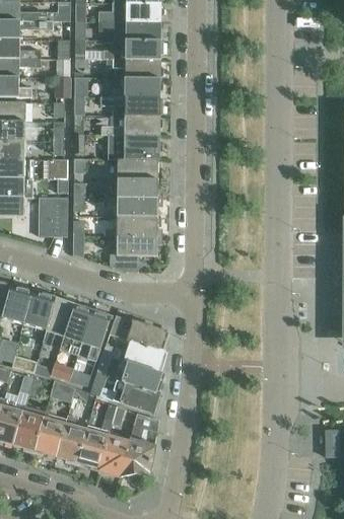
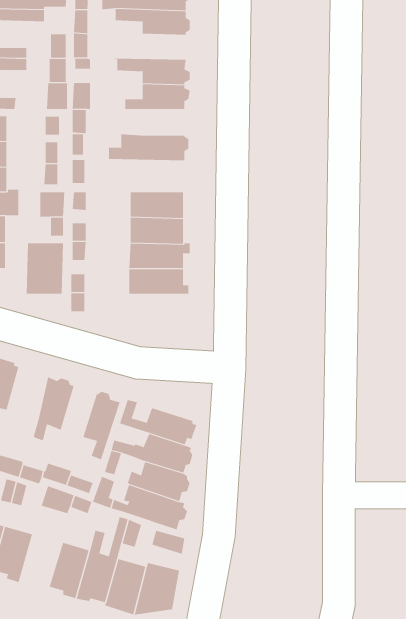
building: [105,40,162,59] -> none
building: [100,96,161,116] -> none
building: [108,134,161,158] -> none
building: [109,235,161,271] -> none
building: [24,289,55,328] -> none
building: [62,304,91,351] -> none
building: [33,416,66,455] -> none

